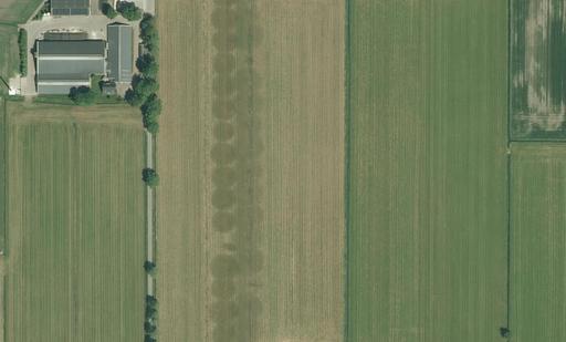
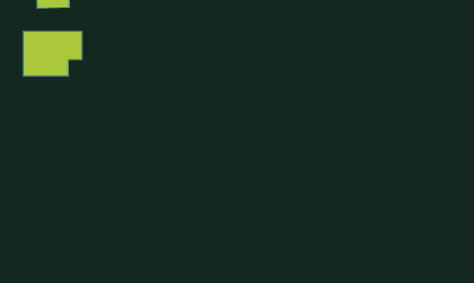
building: [103,25,130,92] -> none

